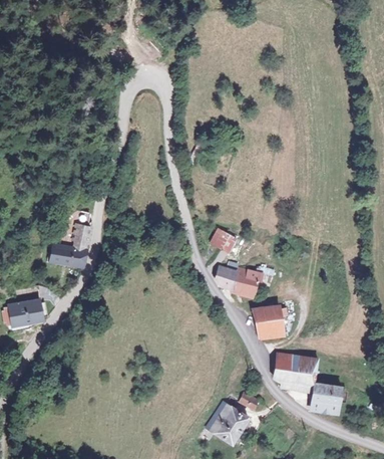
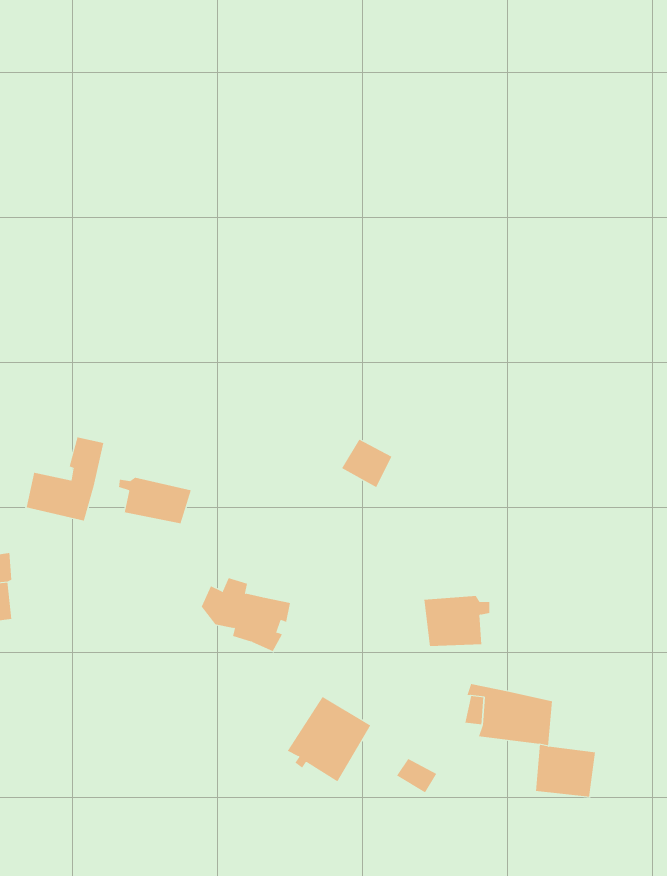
building: none -> [118,477,191,524]
building: [216,262,262,300] -> [201,578,291,652]
building: [206,400,249,444] -> [287,696,371,782]

